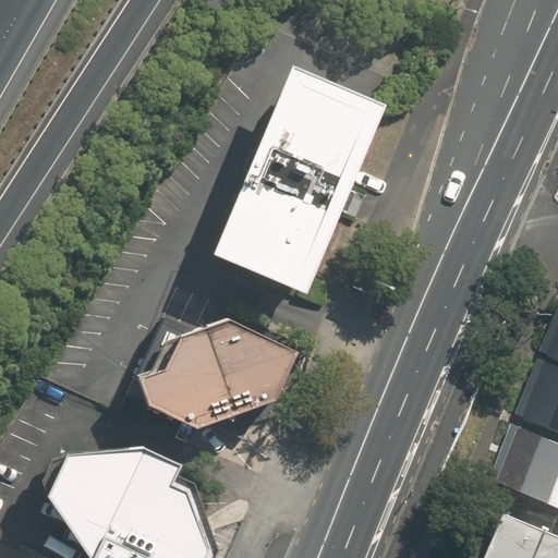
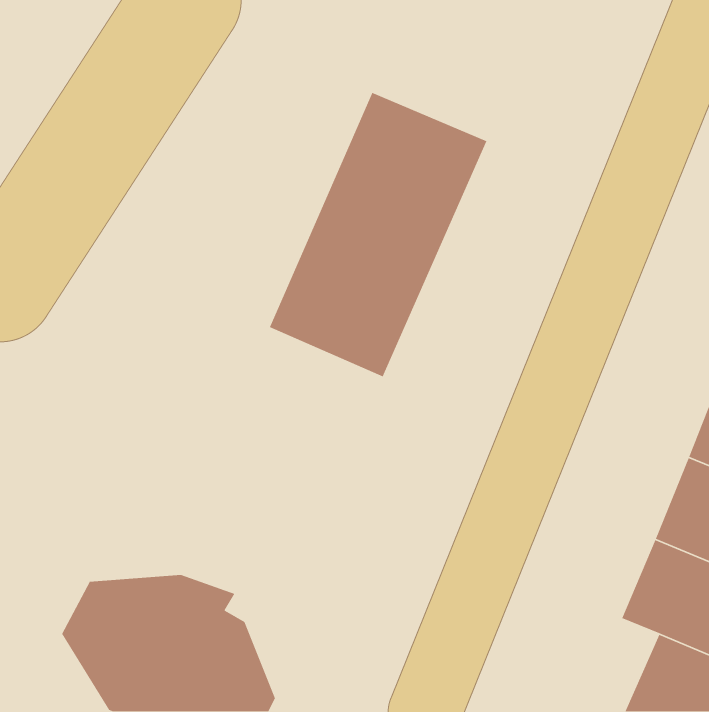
building: [135,315,295,428] -> none

